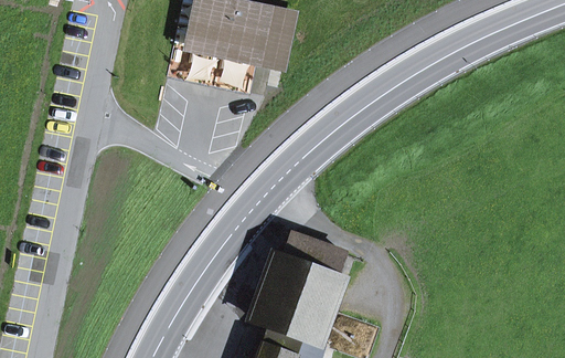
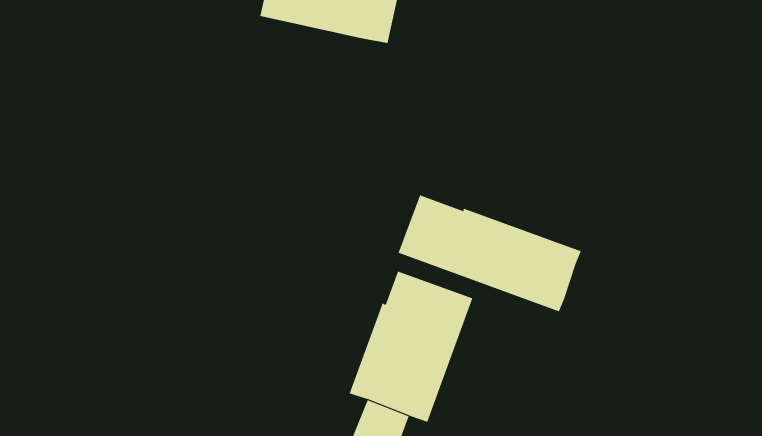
building: none -> [398,195,582,312]

